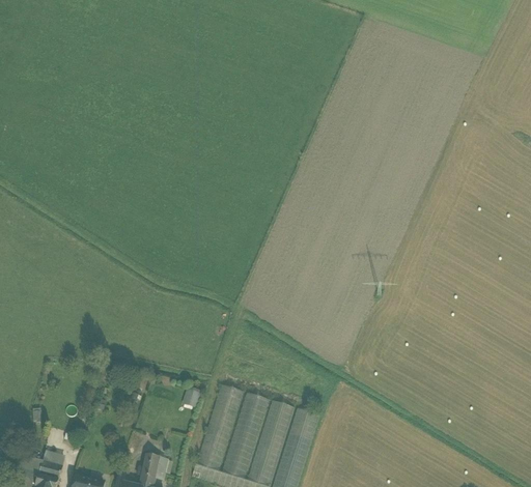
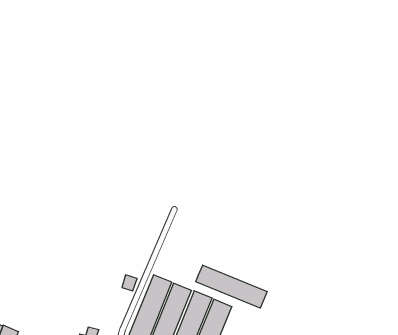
building: none -> [196,265,267,308]

